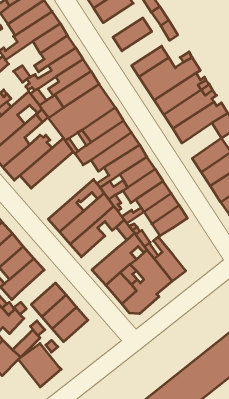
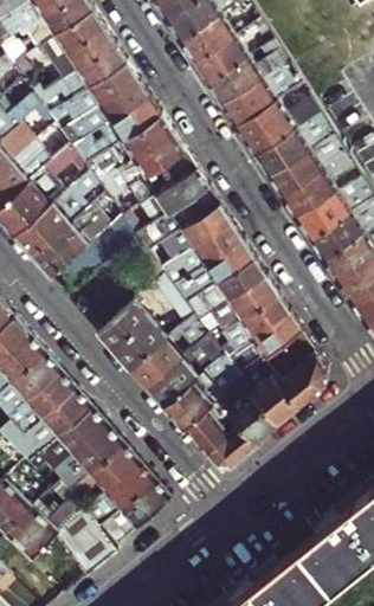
building: none -> [179,17,237,66]
building: none -> [206,58,264,108]
building: none -> [294,192,352,244]
building: none -> [280,331,328,408]
building: none -> [147,357,198,407]
building: none -> [57,407,109,458]
building: none -> [108,481,172,547]

